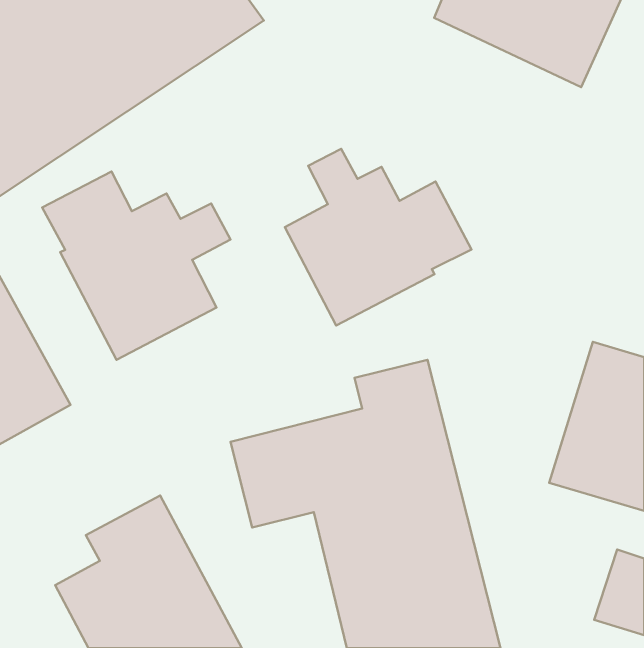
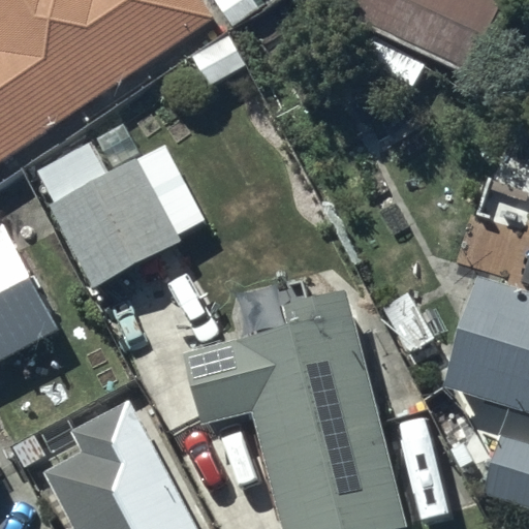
building: [285,149,471,326] -> none

